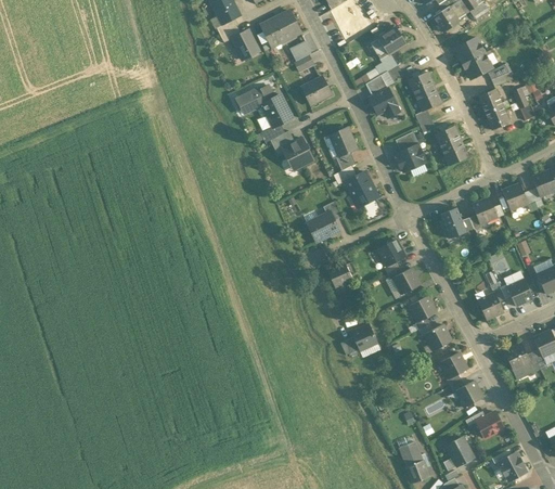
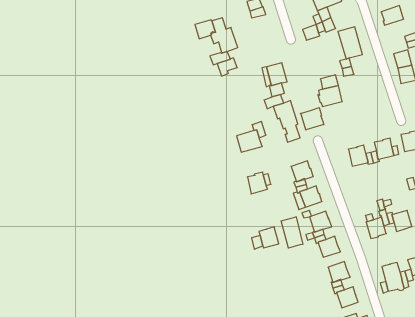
building: [463,52,493,78] -> none
building: [302,76,332,104] -> none
building: [370,88,400,117] -> none
building: [436,125,469,165] -> none
building: [285,138,314,166] -> none
building: none -> [300,108,324,130]
building: none -> [281,217,303,248]

